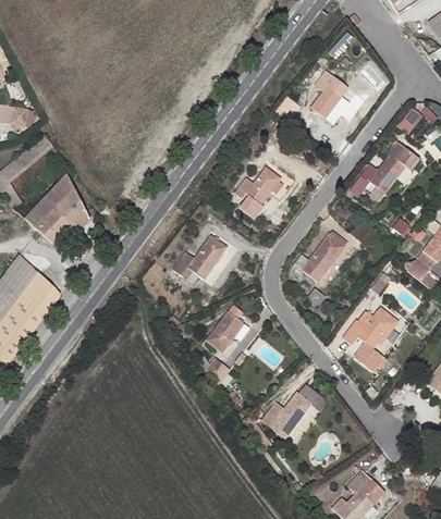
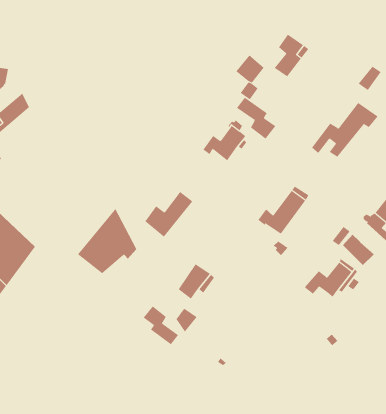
building: none -> [236,97,276,140]
building: [27,174,90,244] -> [77,208,137,274]
building: none -> [342,234,375,266]
building: [355,343,385,372] -> none
building: none -> [143,306,179,345]
building: [261,392,311,437] -> none

